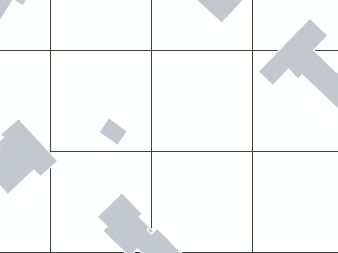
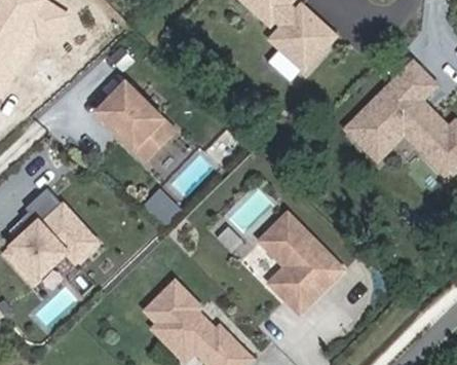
building: none -> [96,82,173,159]
building: none -> [258,211,343,312]

